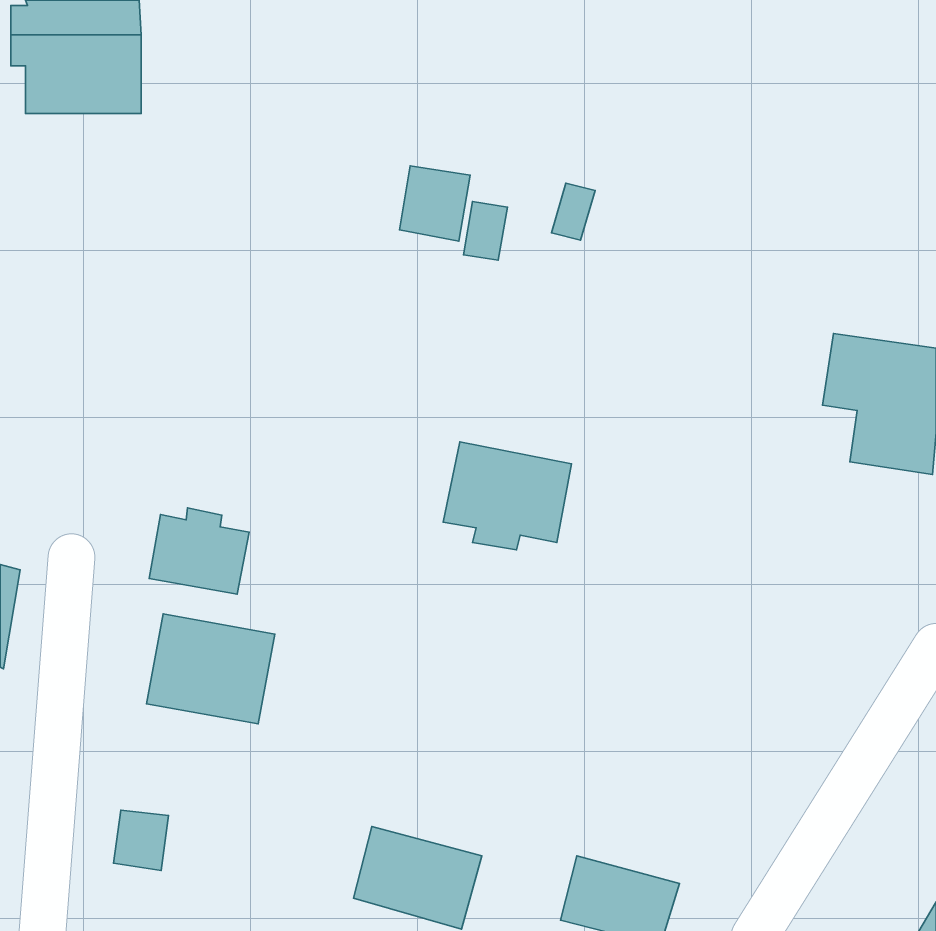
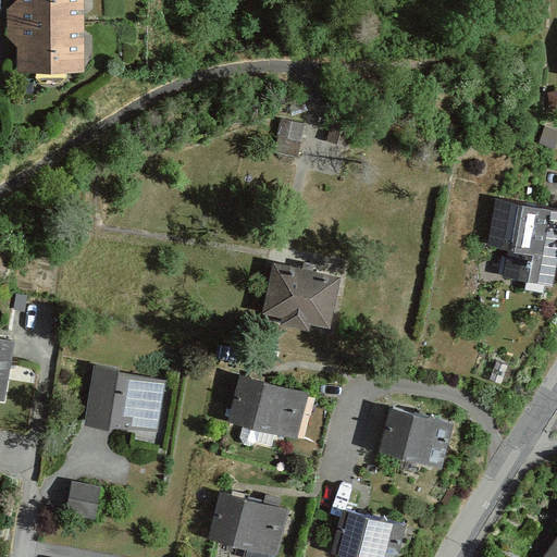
building: [400,166,470,241] -> none
building: [149,508,249,594] -> none
building: none -> [231,377,302,435]
building: none -> [381,409,451,465]

